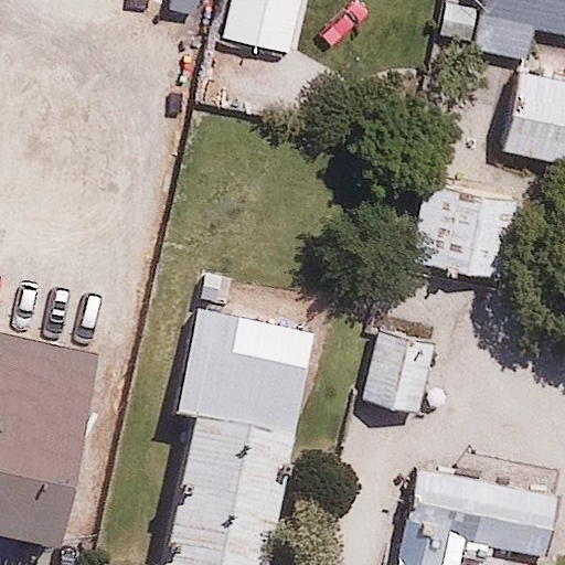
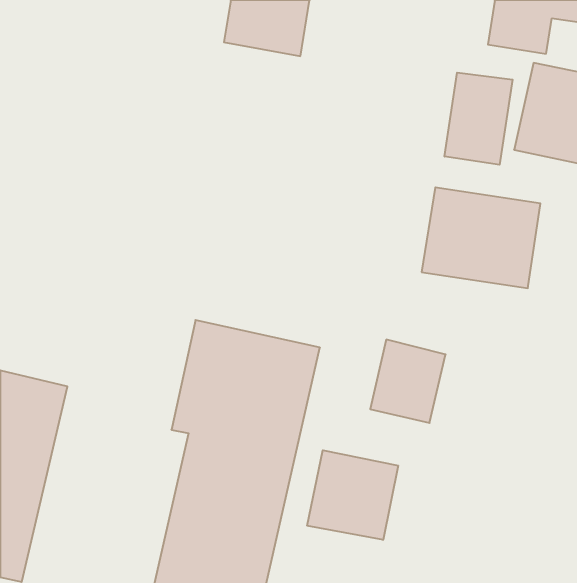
building: none -> [445,73,513,165]
building: none -> [307,450,398,540]
building: [406,469,559,556] -> none

